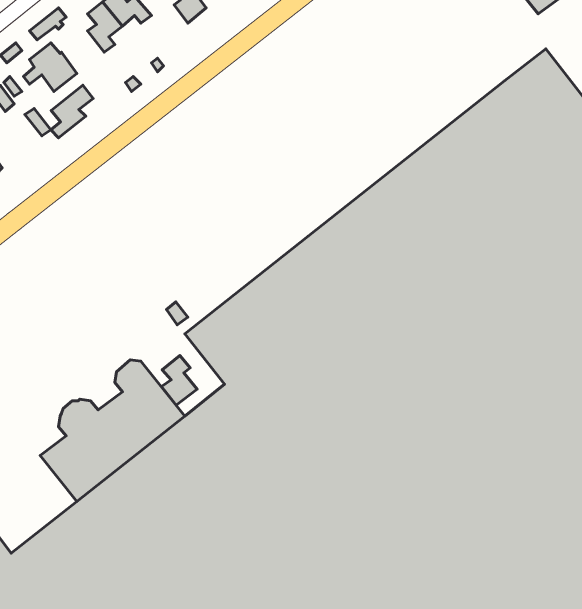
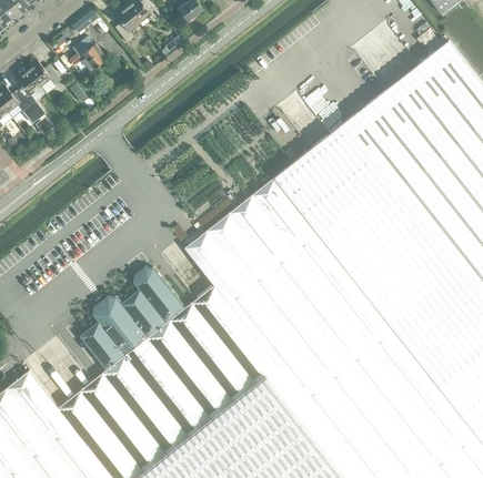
building: [51,85,93,138] -> none
building: [161,356,197,405] -> none

